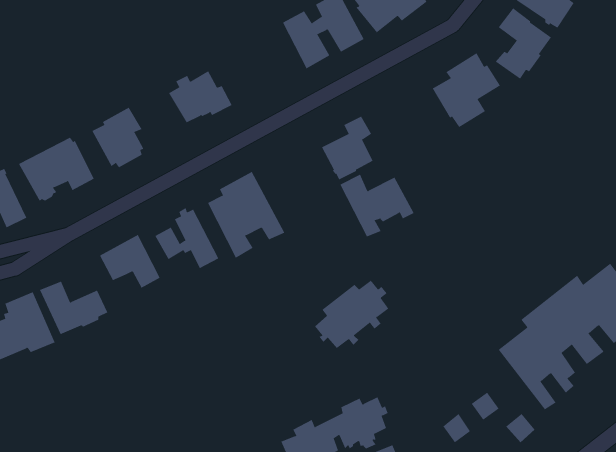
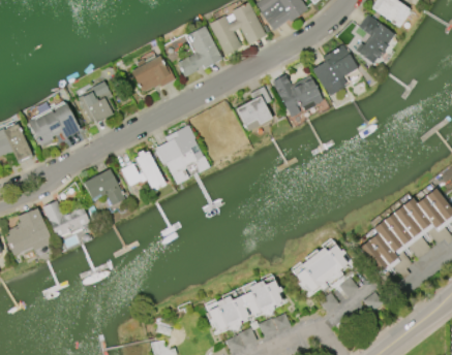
building: none -> [177,25,222,76]
building: [339,174,414,237] -> [272,73,324,117]
building: [314,280,389,349] -> [296,244,348,291]

